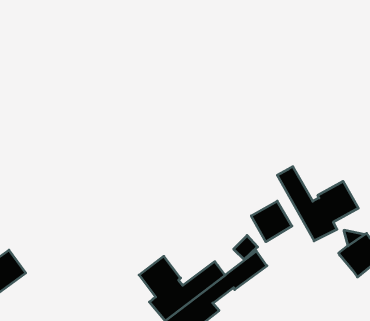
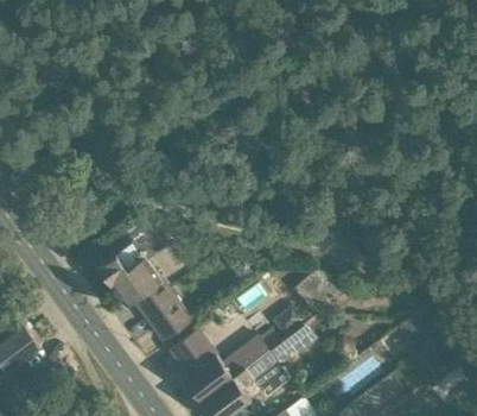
building: [277,167,358,241] -> none
building: none -> [97,240,191,342]

